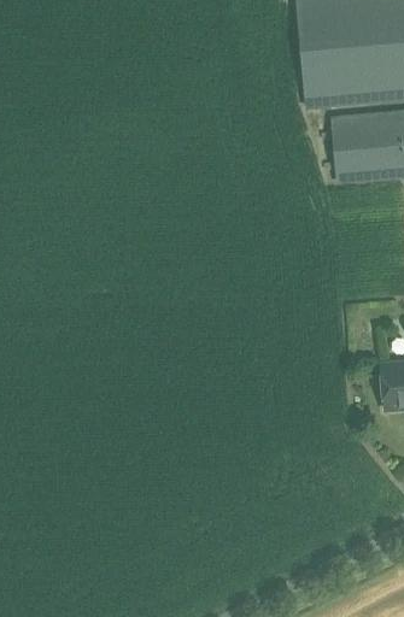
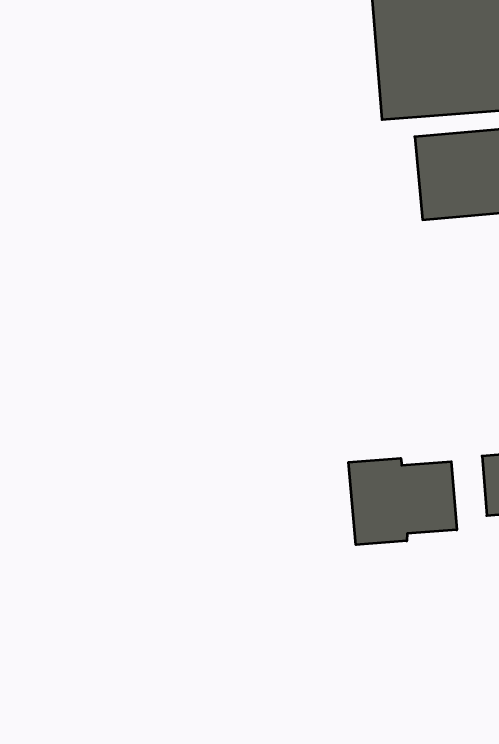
building: none -> [349,458,457,545]

